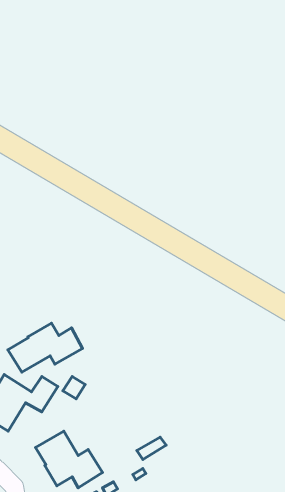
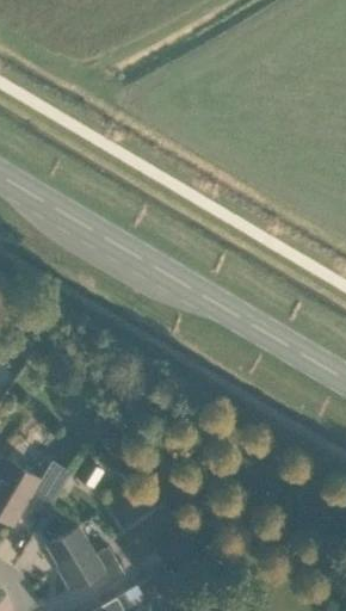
building: [8,323,82,372] -> none

